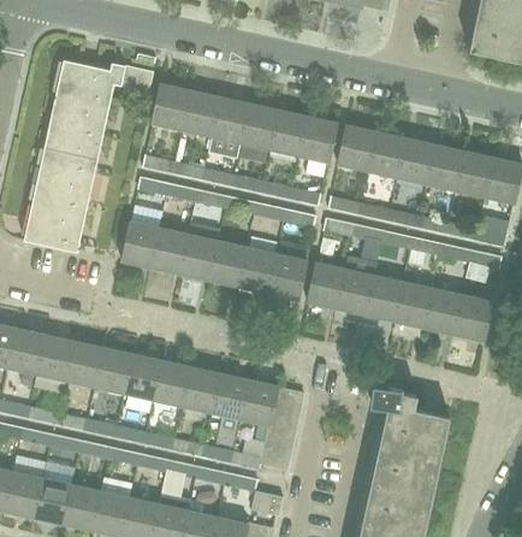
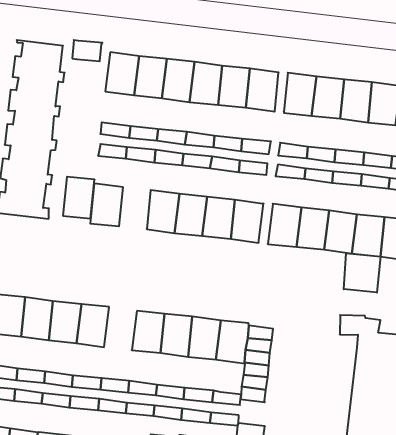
building: [150,226,188,273] -> [63,177,95,219]
building: none -> [344,253,380,293]
building: [121,352,160,400] -> none

